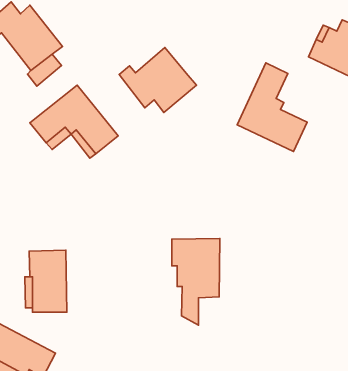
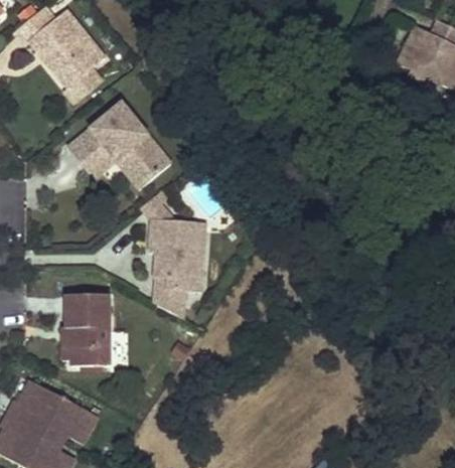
building: [119,48,197,112] -> none
building: [237,63,307,152] -> none
building: [172,238,220,325] -> [151,216,207,318]

